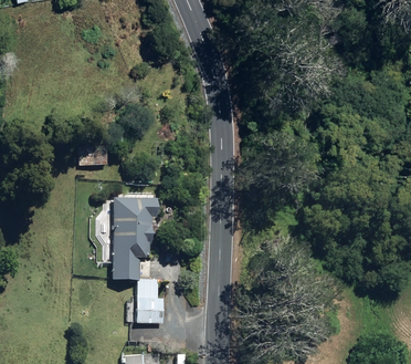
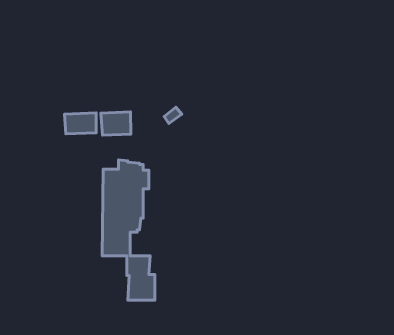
building: none -> [101,112,131,135]

